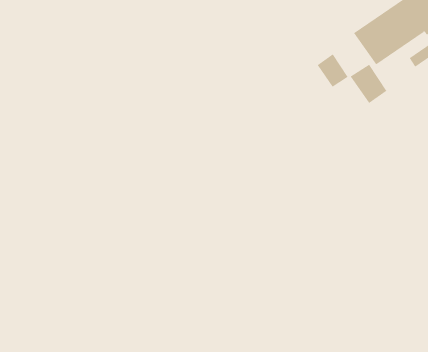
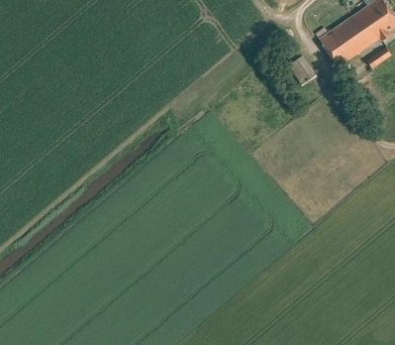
building: [350,64,387,104] -> none

